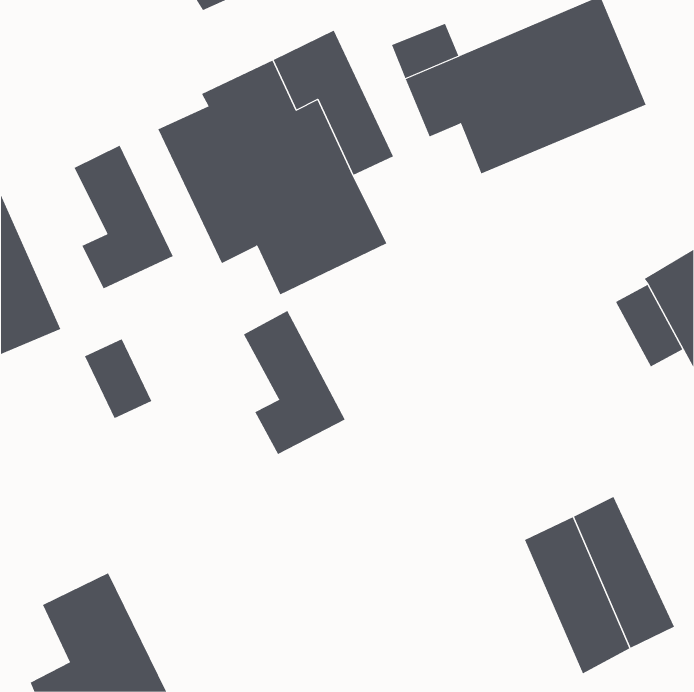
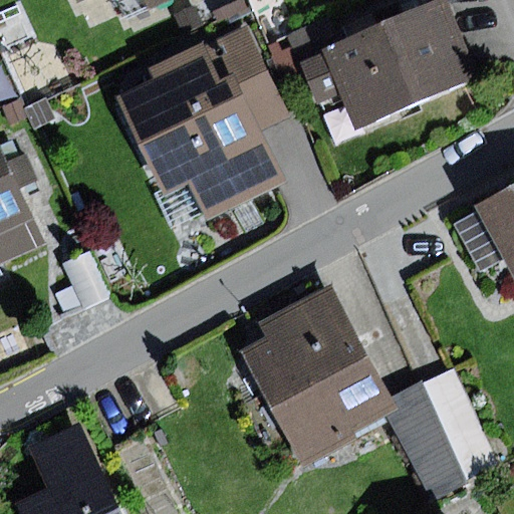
building: [74,145,174,289] -> none
building: [243,310,346,455] -> none
building: none -> [240,284,392,465]

